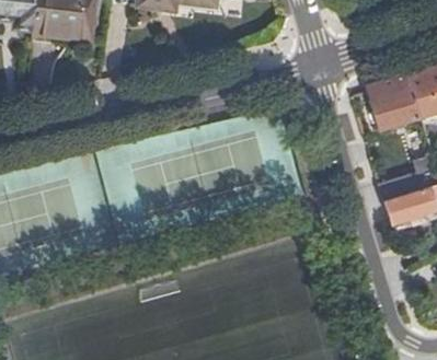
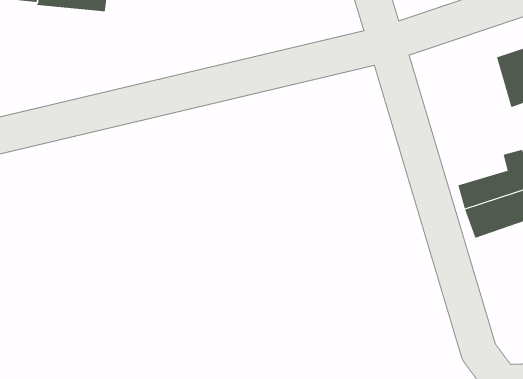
building: [371,72,424,131] -> none

